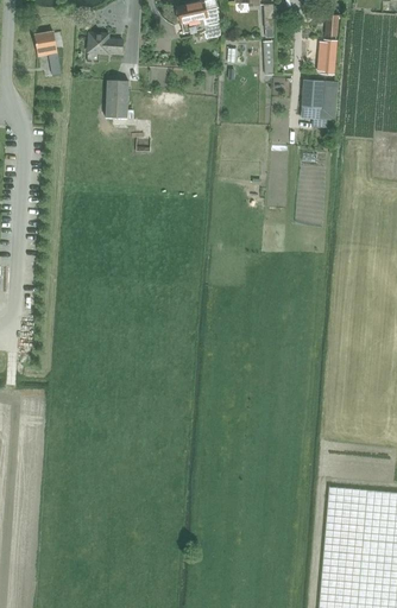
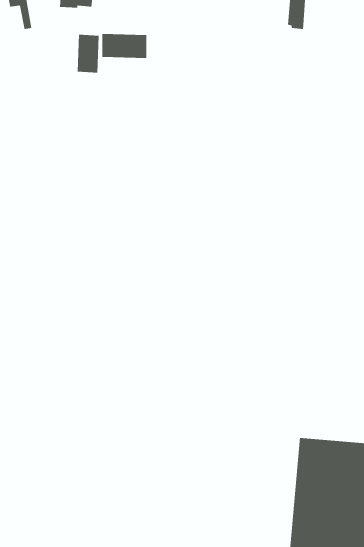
building: [301,78,338,120] -> none
building: none -> [102,33,147,59]

